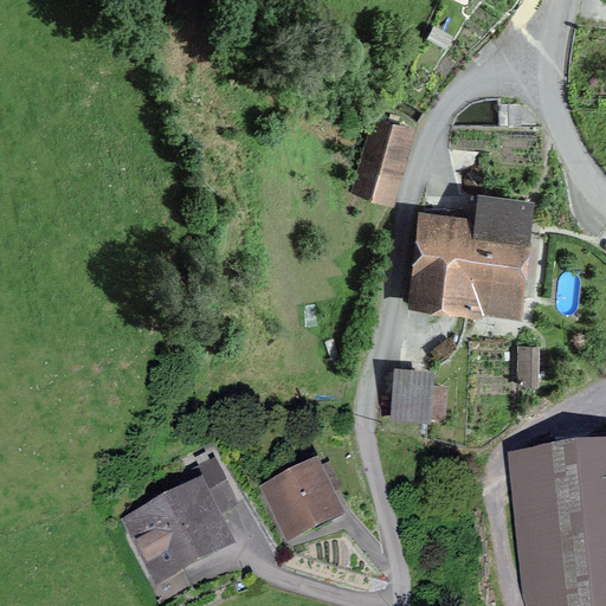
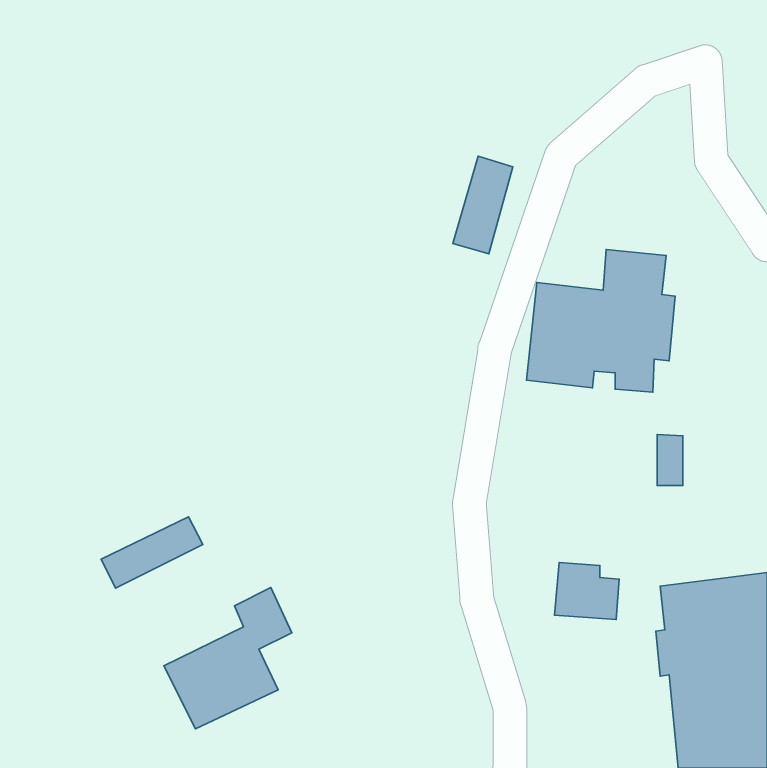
building: [393,373,444,418] -> [555,562,619,620]
building: none -> [101,517,203,588]
building: [269,470,335,536] -> none

